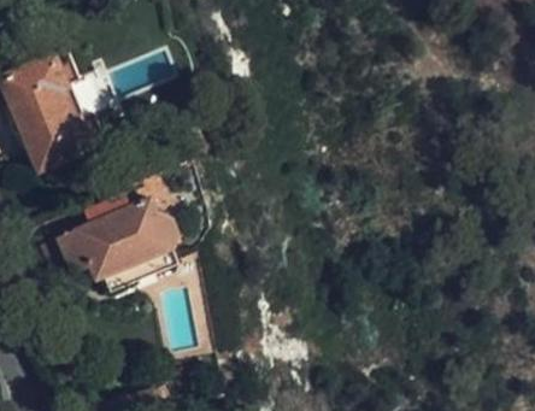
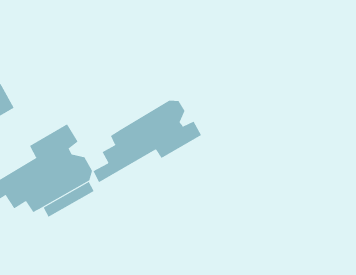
building: none -> [93,100,202,183]

